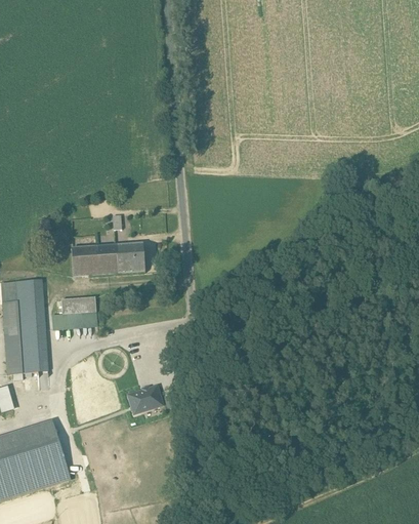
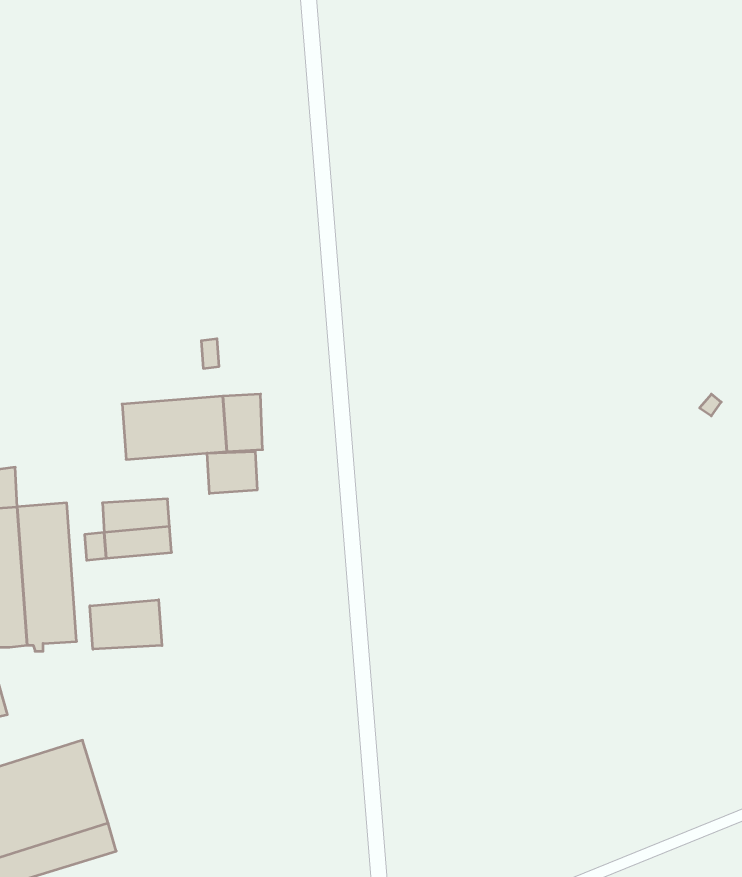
building: none -> [207,452,257,494]
building: [16,279,43,300] -> none
building: none -> [90,600,162,649]
building: [128,386,163,412] -> none

